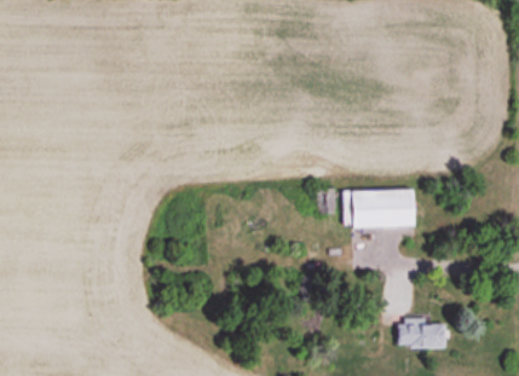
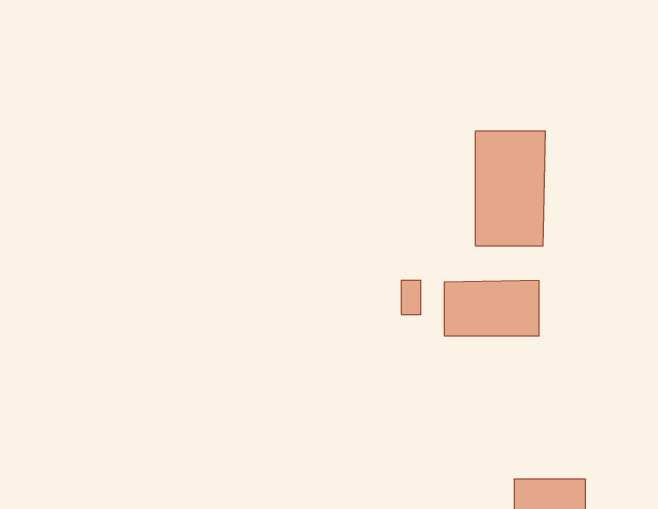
building: none -> [476,131,545,246]

